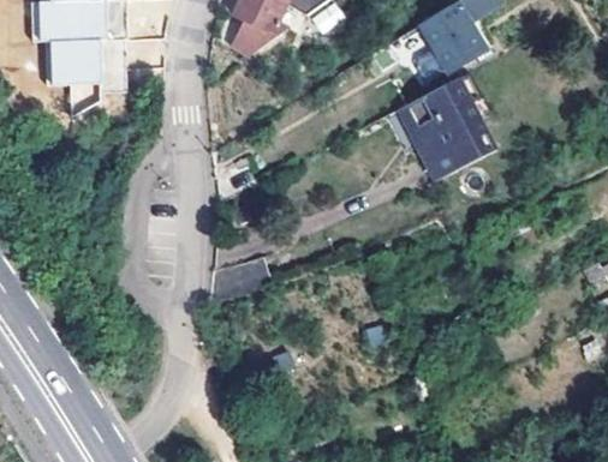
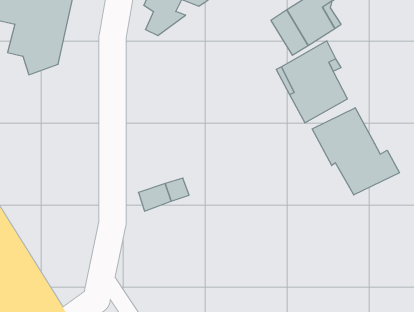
building: none -> [312,108,399,195]

